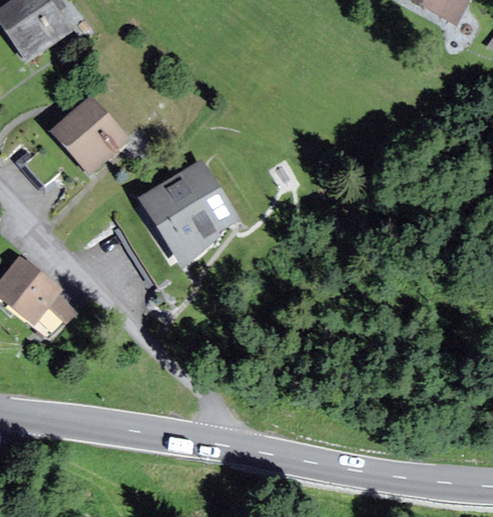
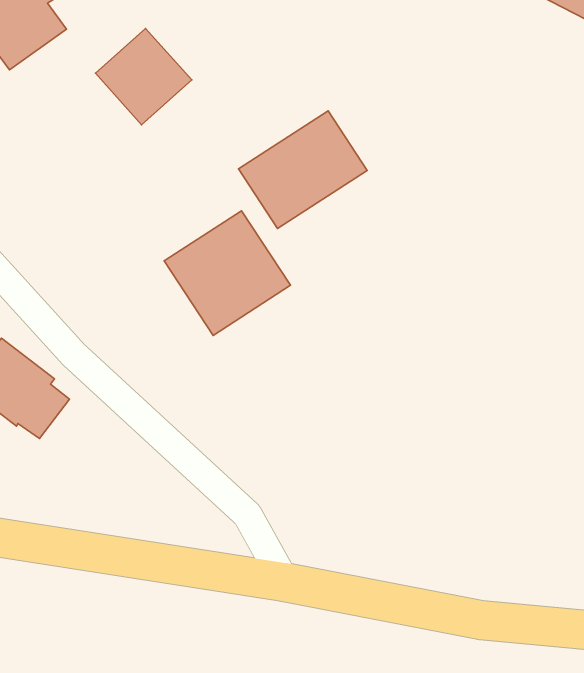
building: none -> [239,111,367,228]
building: [53,99,124,171] -> [95,28,192,125]

